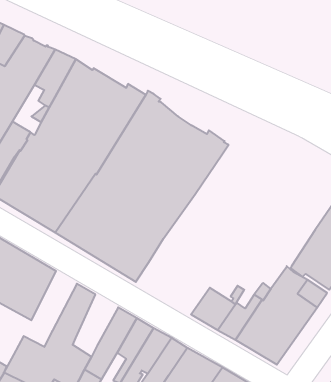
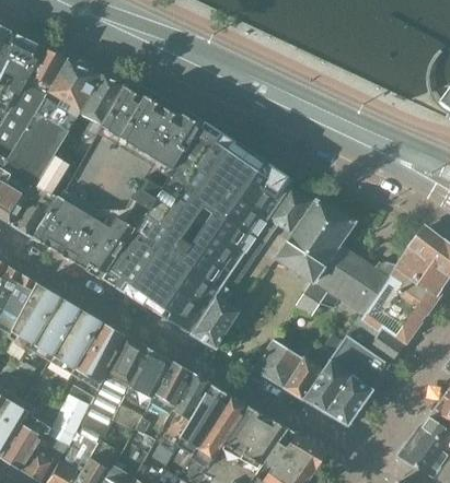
building: none -> [257,192,391,317]
building: none -> [192,286,240,349]
building: none -> [67,322,125,407]
building: none -> [125,349,172,405]

